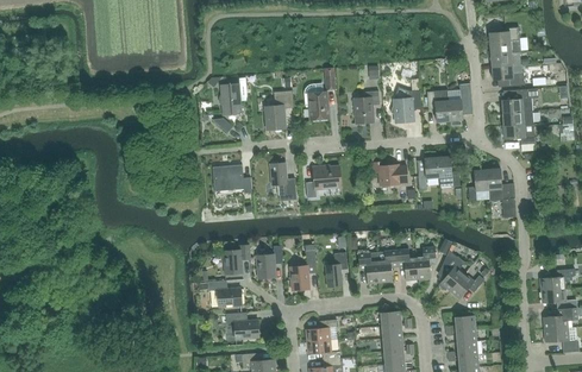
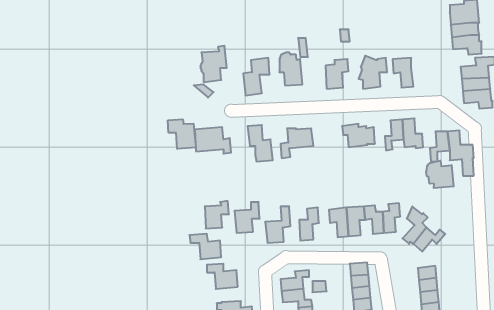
building: [448,83,473,126] -> none
building: none -> [168,119,196,149]
building: none -> [426,161,454,188]

